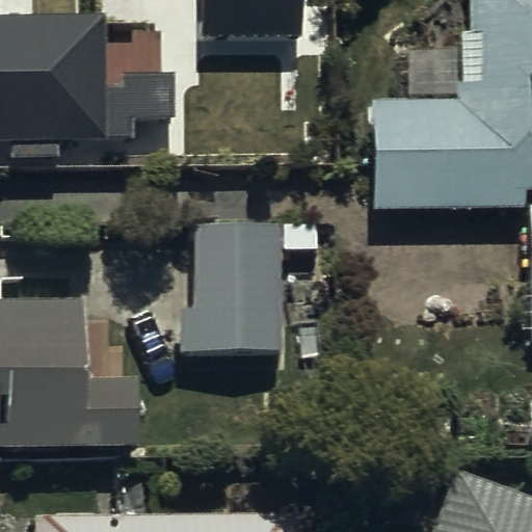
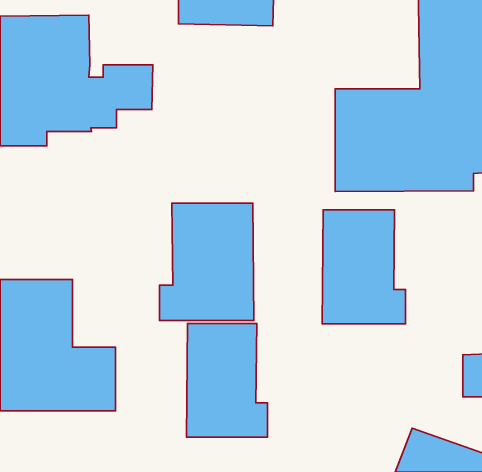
building: none -> [322,210,405,324]
building: none -> [187,323,267,437]

